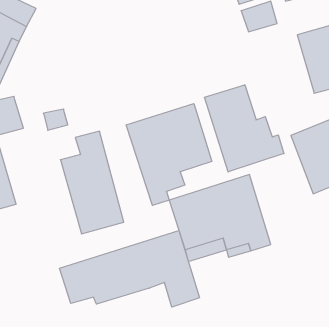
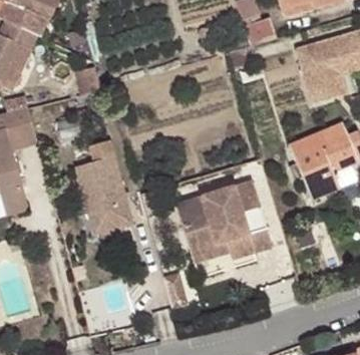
building: [205,85,284,172] -> none
building: [126,104,212,205] -> none
building: [59,231,200,307] -> none

